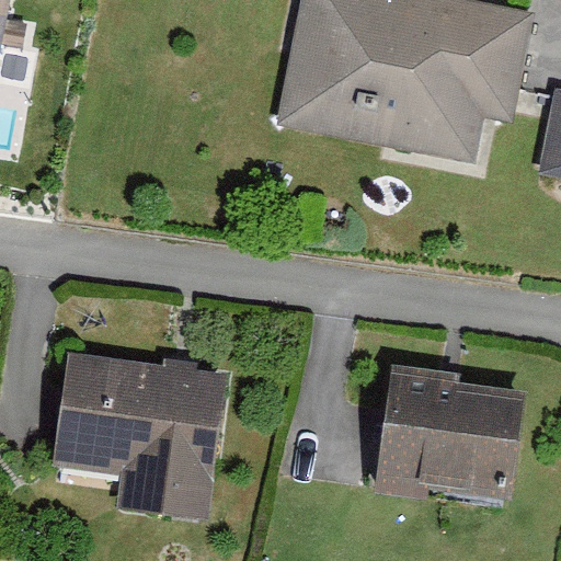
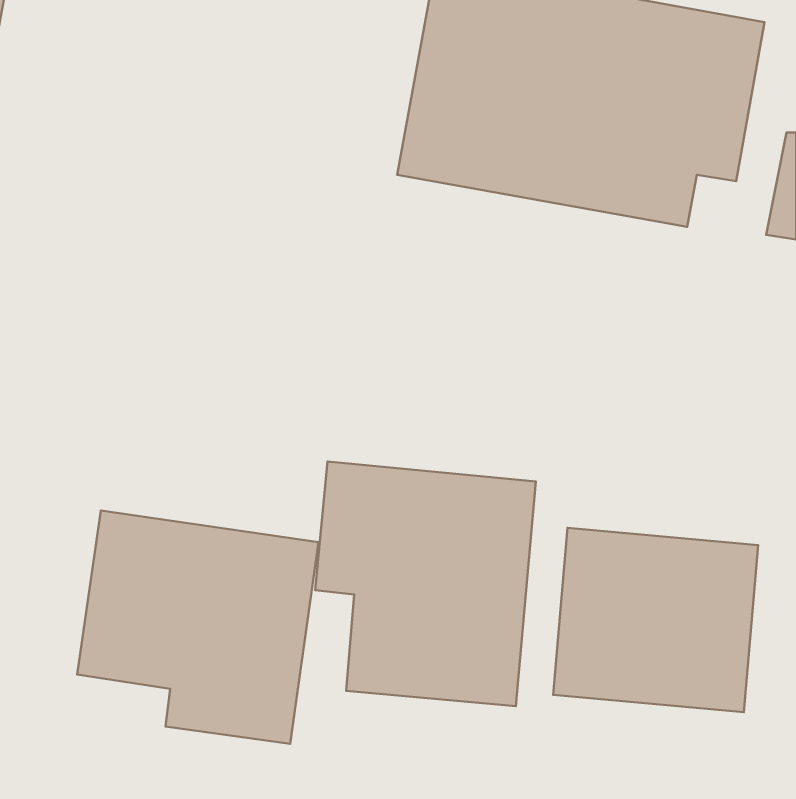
building: none -> [315,462,536,706]

